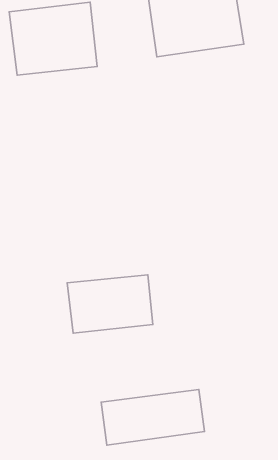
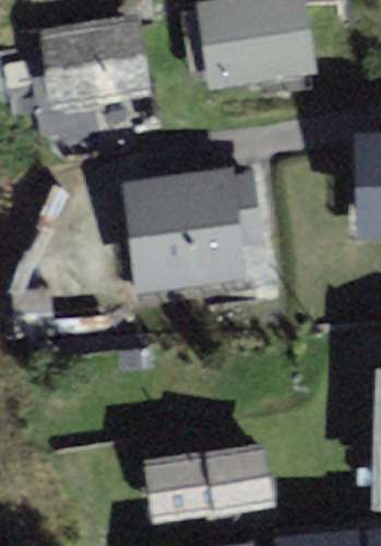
building: none -> [130,176,258,286]
building: [67,275,153,333] -> none

